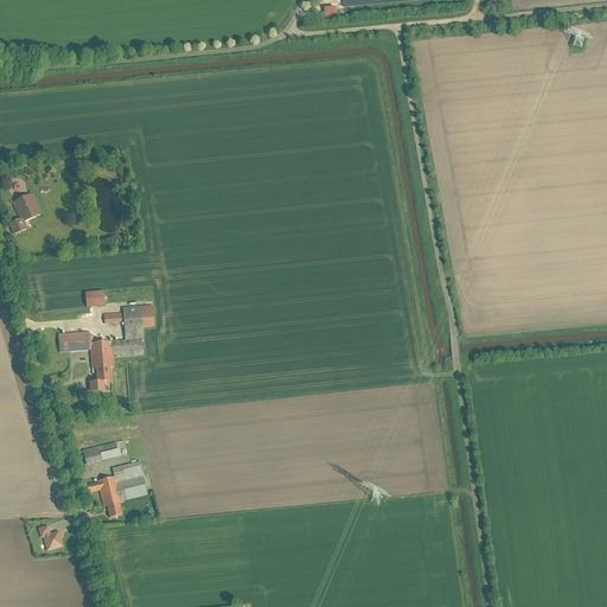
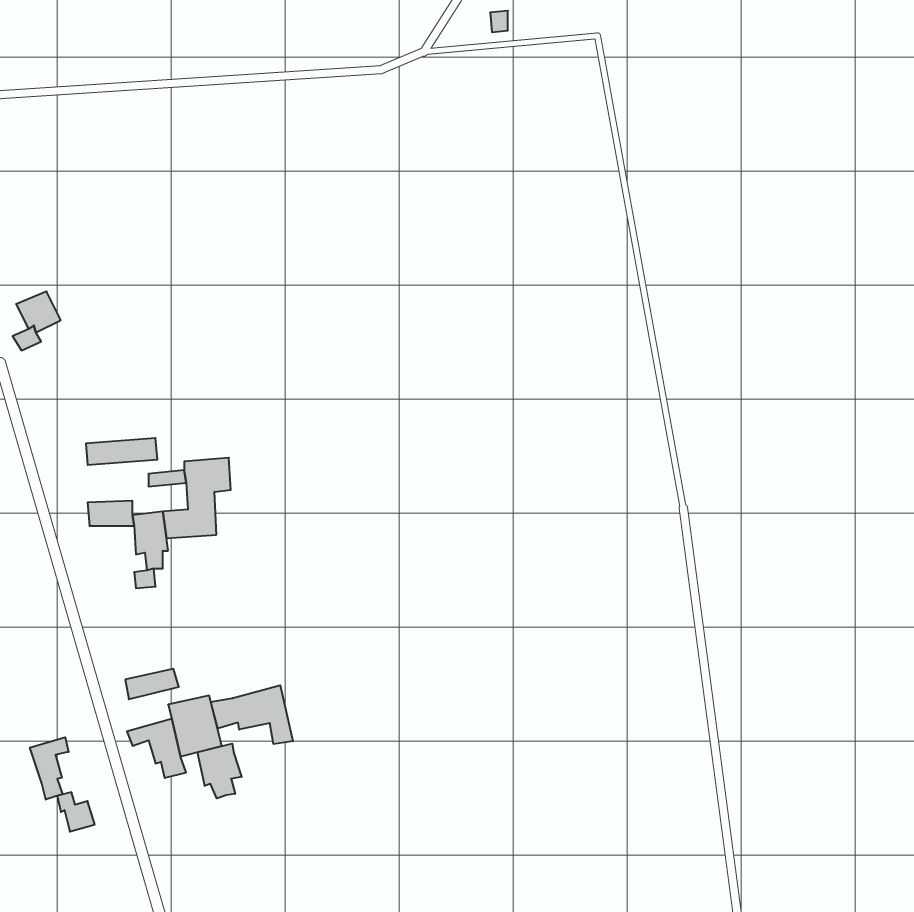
building: none -> [211,685,293,744]
building: none -> [30,737,69,800]
building: none -> [197,744,242,798]

